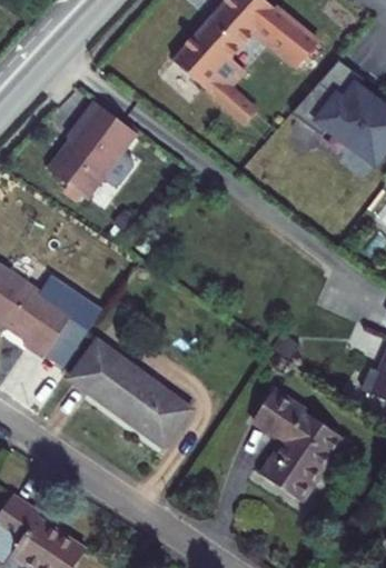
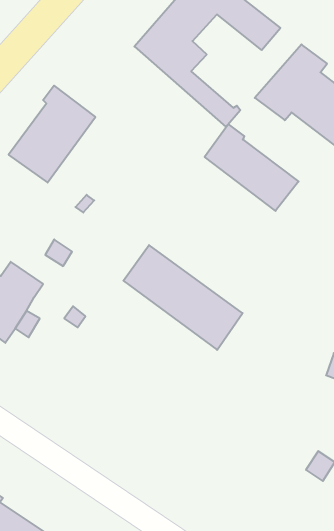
building: none -> [205,124,299,211]
building: [70,341,189,446] -> [123,245,243,350]
building: [251,390,340,500] -> none

